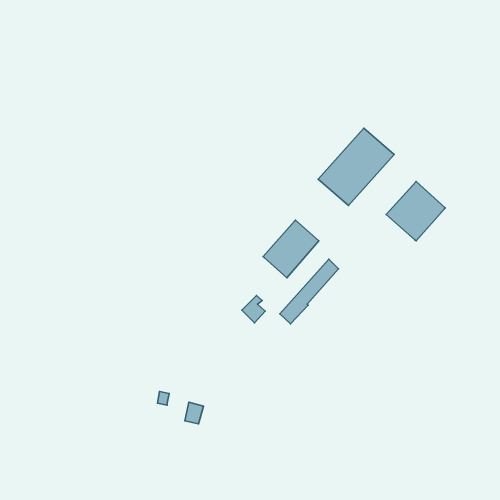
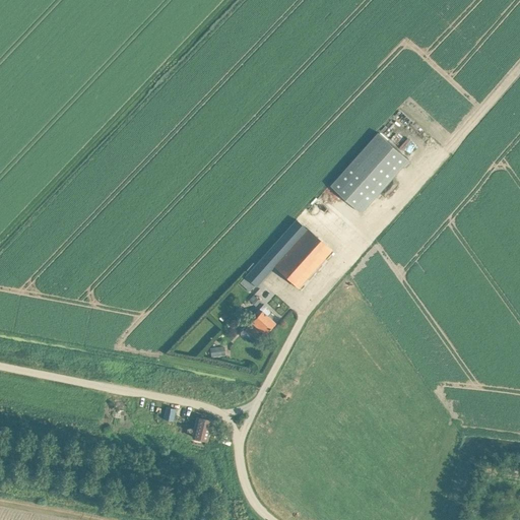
building: [386,182,445,241] -> none
building: [280,259,339,324] -> [245,219,306,286]

